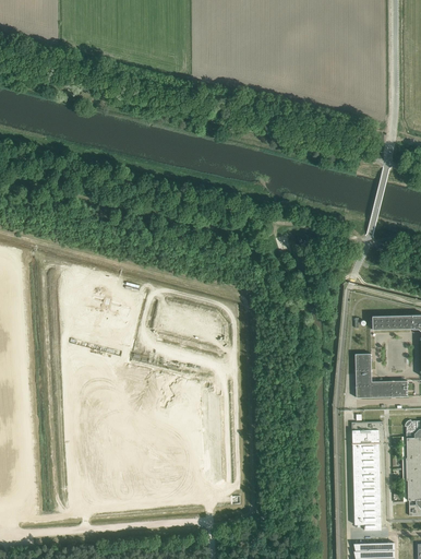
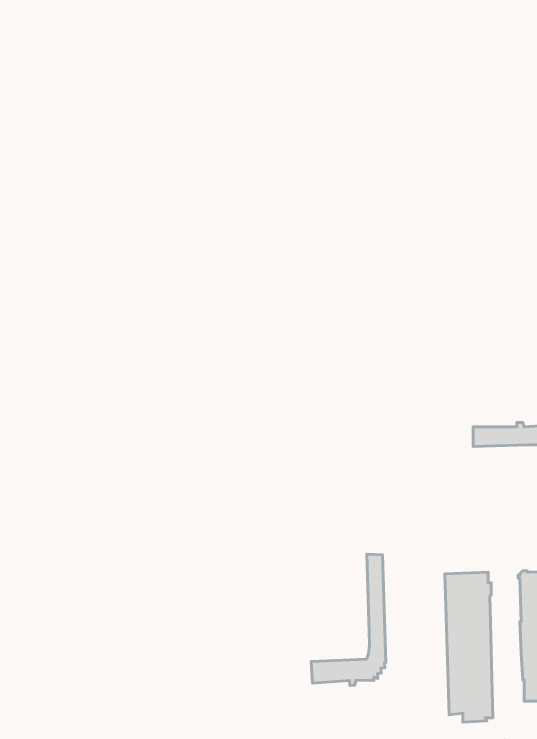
building: [356,354,408,399] -> none
building: none -> [311,554,386,686]

